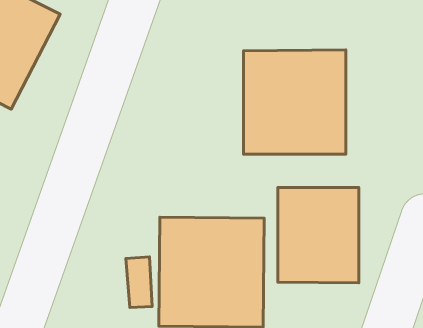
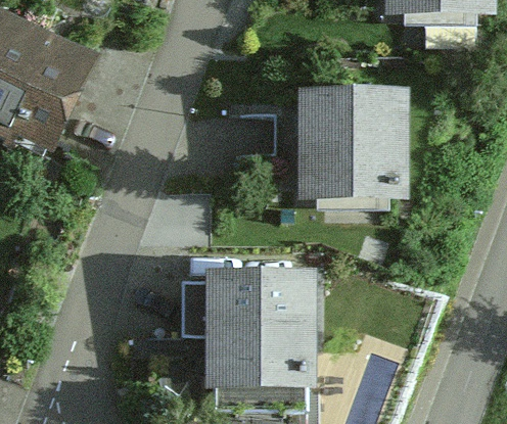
building: [278,188,359,283] -> none

